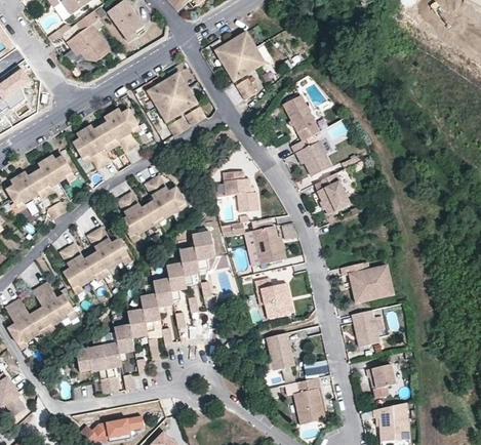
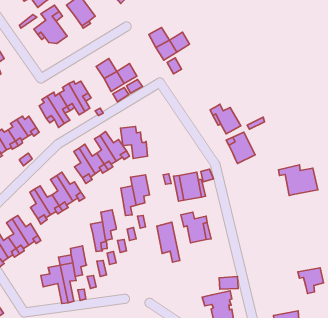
building: [231,30,257,56] -> none
building: [163,70,190,96] -> none
building: [284,96,320,140] -> none
building: [224,170,258,211] -> [120,126,148,158]
building: [165,258,186,296] -> none
building: [340,262,391,301] -> [279,165,318,195]
building: [127,305,147,342] -> none
building: [352,311,378,346] -> none
building: [266,333,295,385] -> [157,222,180,262]
building: [365,363,398,396] -> [298,268,323,293]

